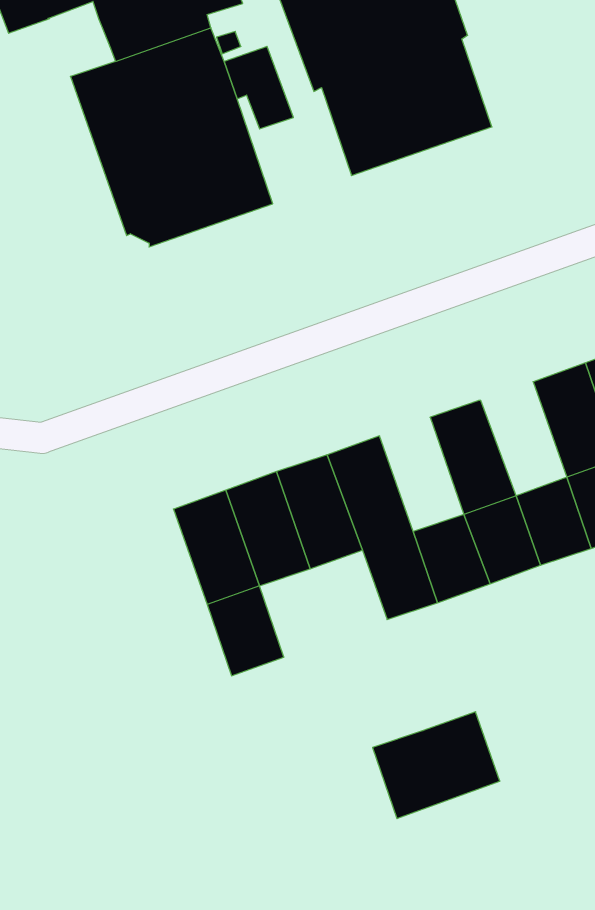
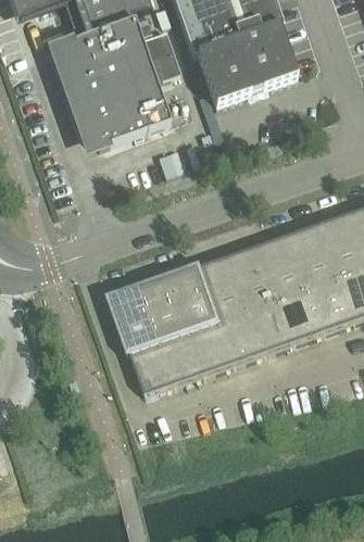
building: none -> [290,222,340,288]
building: none -> [231,242,280,308]
building: [373,712,500,819] -> [162,319,236,381]

